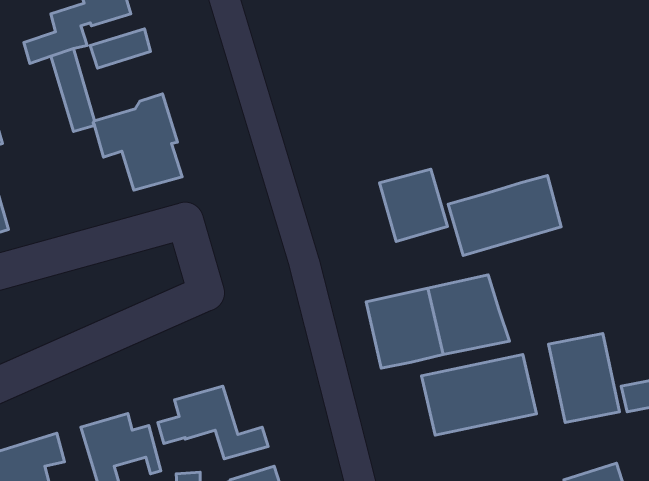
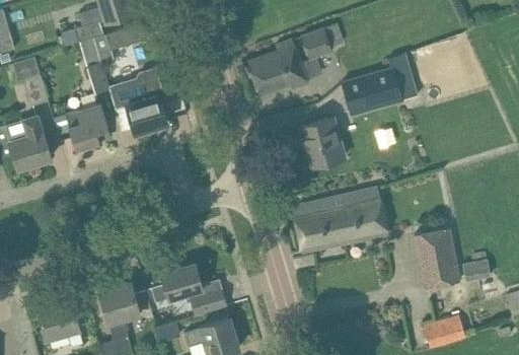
building: none -> [301,23,343,60]
building: none -> [247,39,308,95]
building: none -> [65,103,107,150]
building: [448,175,561,255] -> [342,62,418,116]
building: [421,354,537,435] -> none

